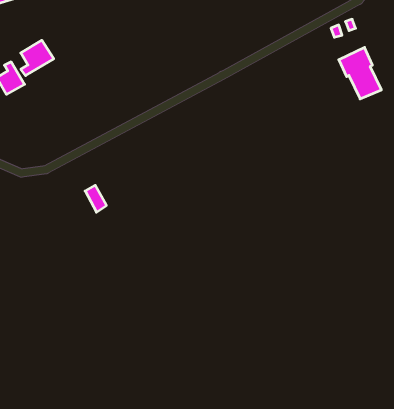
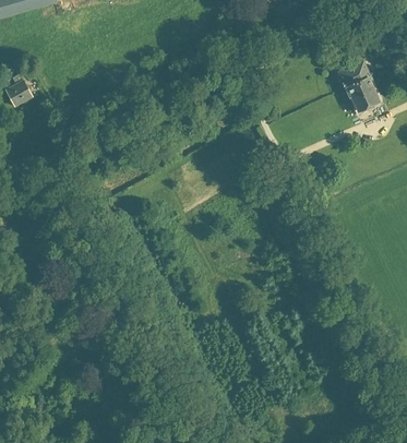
building: [21,40,54,76] -> none

